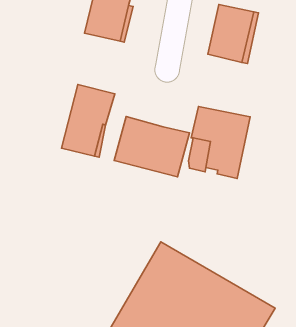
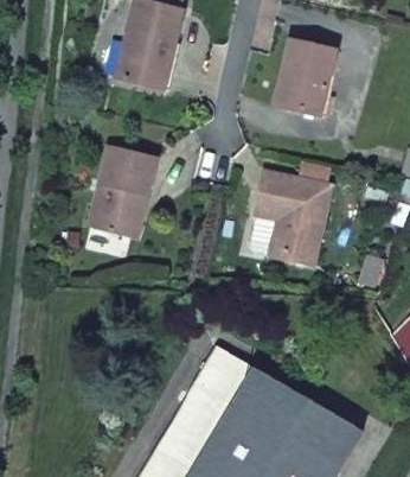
building: [114,117,189,177] -> none

